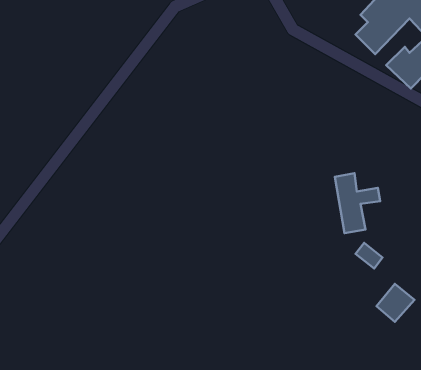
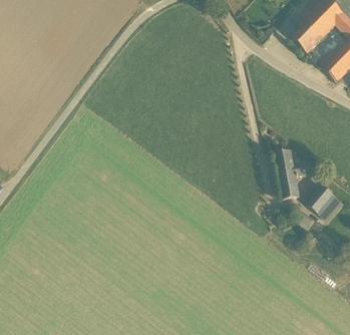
building: [376,284,414,322] -> [307,186,338,217]

